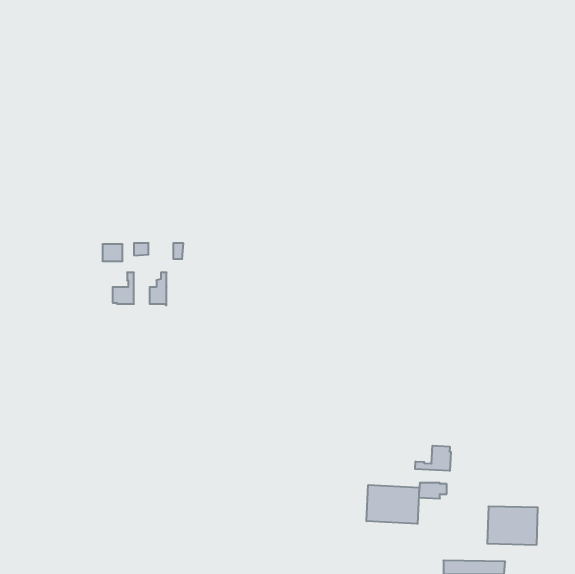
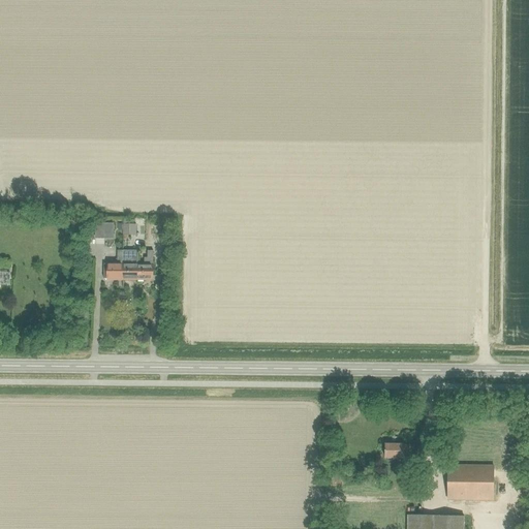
building: none -> [123,250,137,279]
building: [415,446,451,471] -> none
building: [367,485,419,524] -> none

